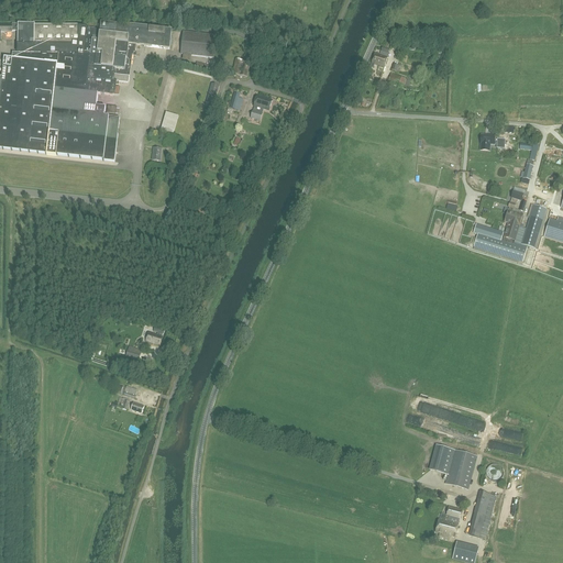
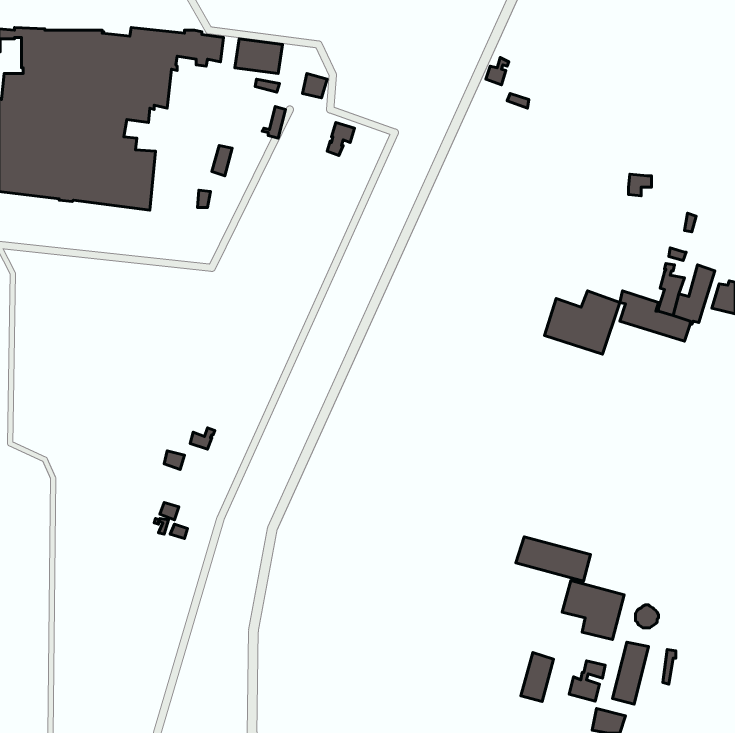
building: none -> [544,291,620,354]
building: none -> [516,537,590,581]
building: none -> [521,652,554,702]

